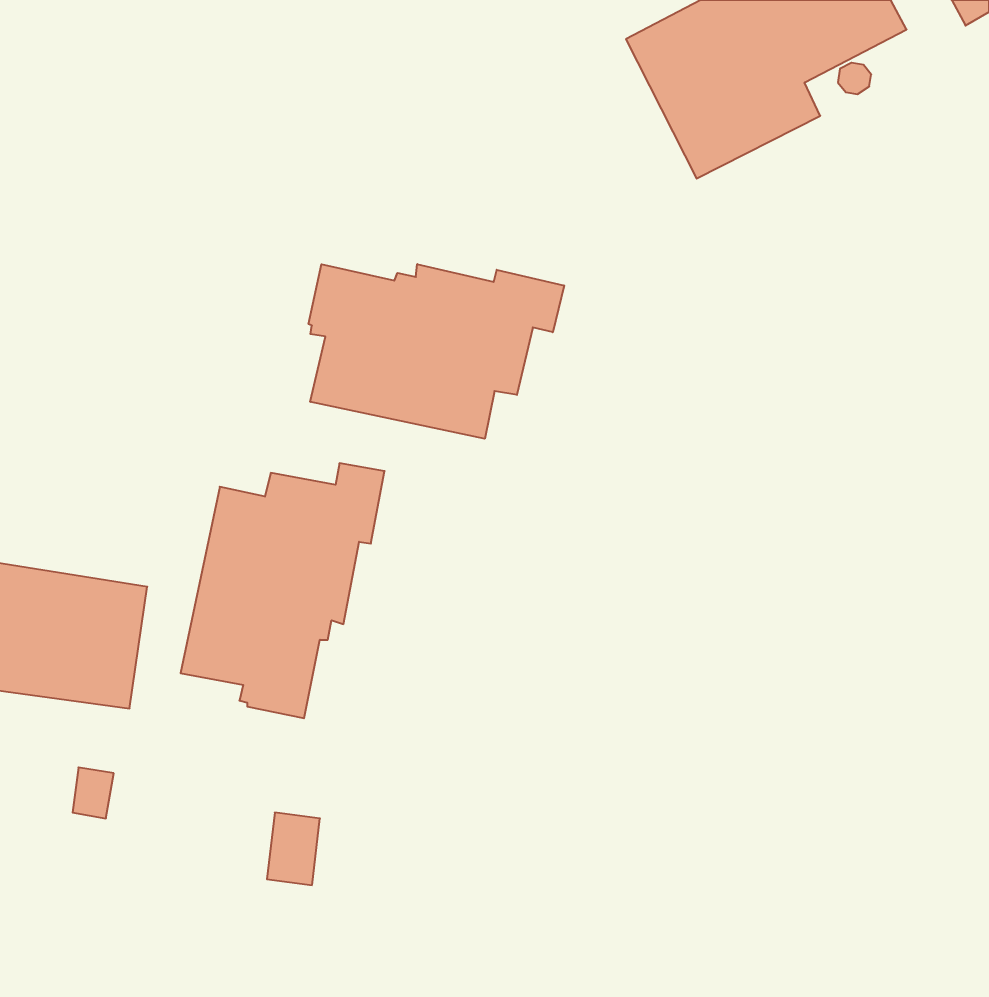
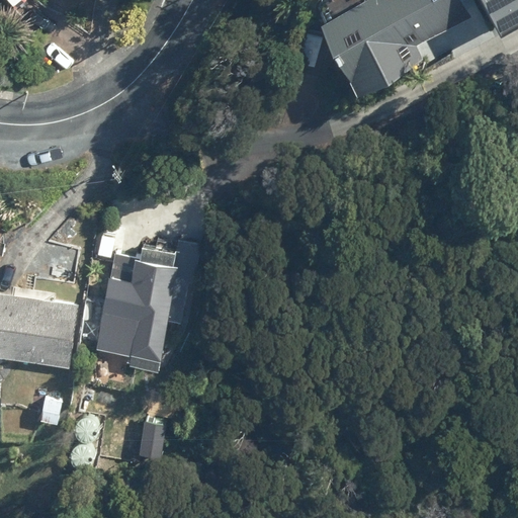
building: [309,264,564,439] -> none

